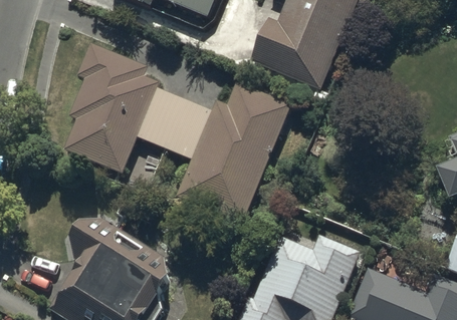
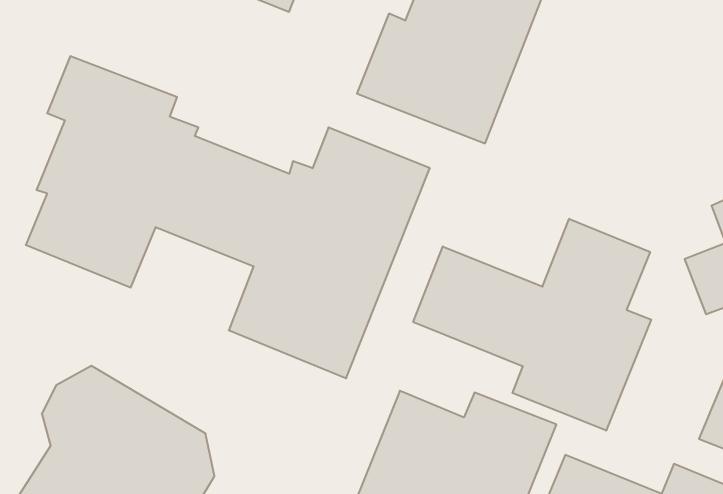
building: none -> [413,219,651,431]

